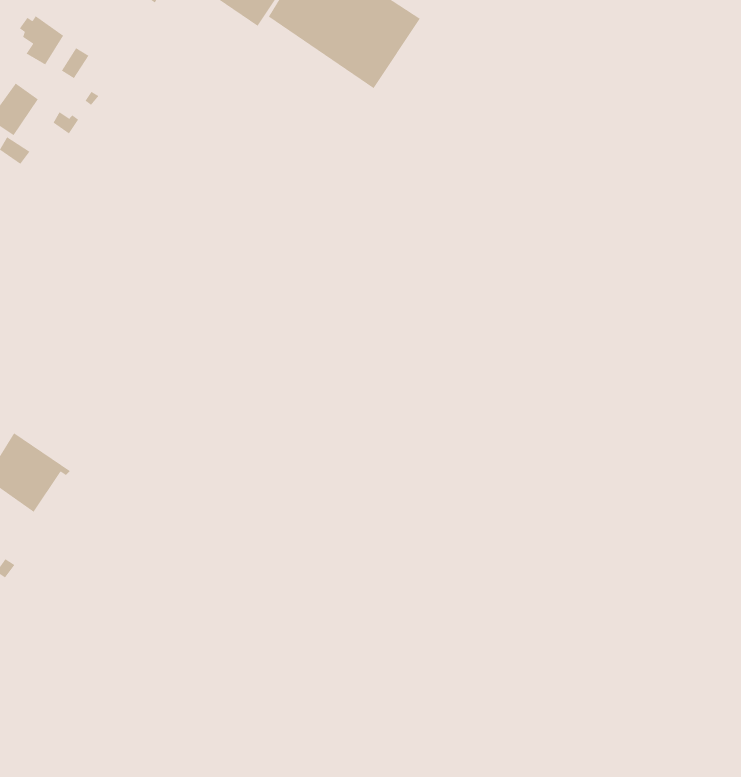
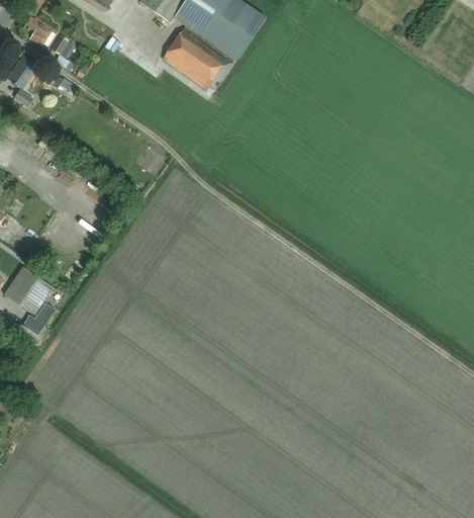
building: none -> [162,26,232,90]
building: none -> [22,301,52,335]

